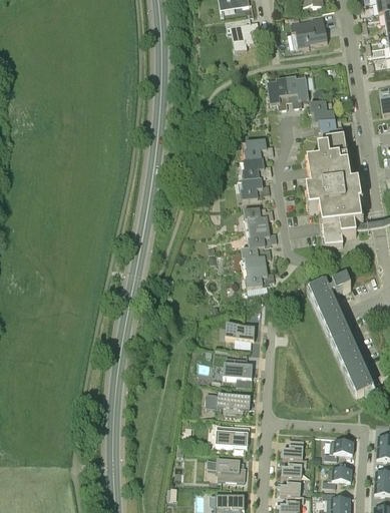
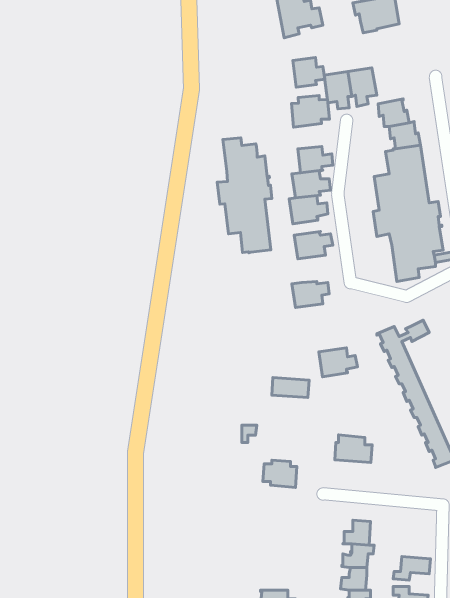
building: none -> [293,57,325,87]
building: none -> [291,96,330,127]
building: none -> [217,138,272,253]
building: [246,225,277,247] -> none
building: [244,265,275,288] -> [319,348,358,377]
building: [223,356,253,378] -> [335,435,372,462]
building: [216,424,250,446] -> none
building: [324,440,353,459] -> none
building: [217,458,246,480] -> none

